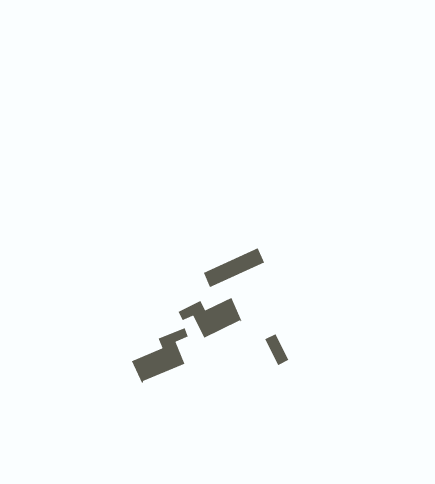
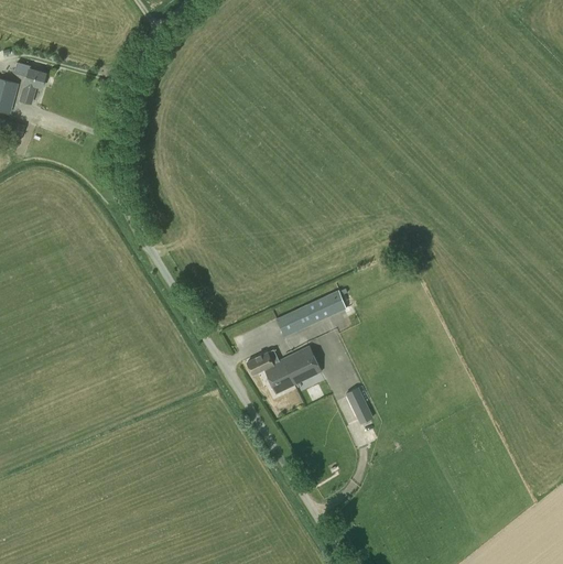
building: [131,327,189,384] -> none

